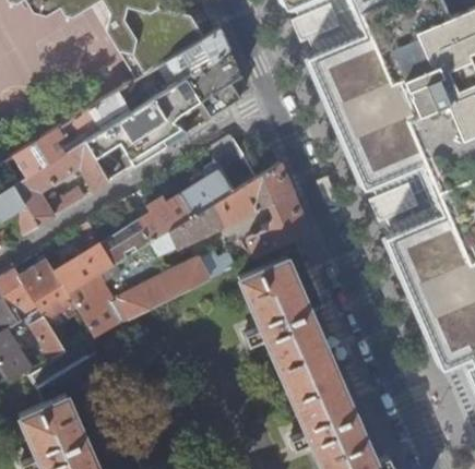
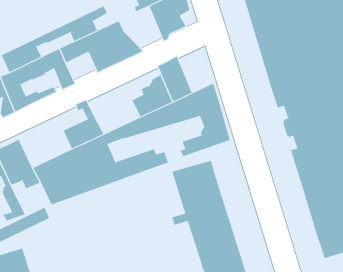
building: [155,76,203,119] -> none
building: [139,175,194,241] -> none
building: [55,224,114,292] -> none

